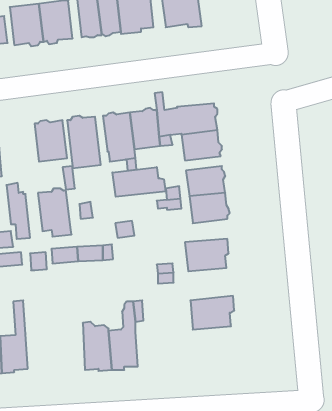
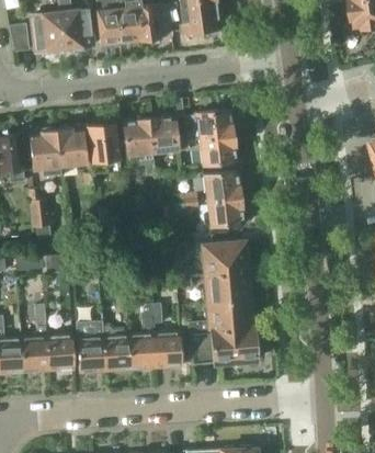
building: [112,167,165,197] -> none
building: [38,188,72,237] -> [26,128,59,175]
building: none -> [204,271,248,303]
building: none -> [75,321,103,374]
building: none -> [186,327,259,365]
building: none -> [152,331,181,369]
building: none -> [45,335,72,372]

